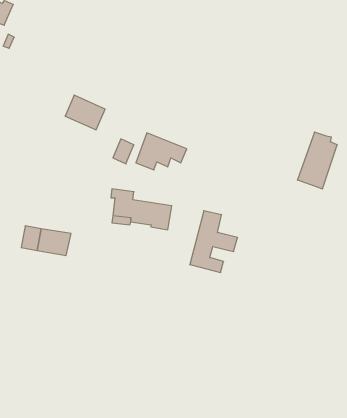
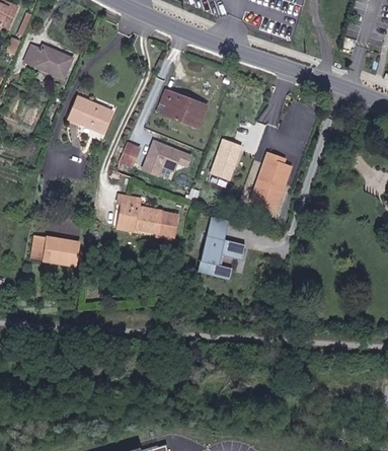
building: none -> [22,44,69,76]
building: none -> [157,92,204,129]
building: none -> [212,138,243,180]
building: [297,132,337,189] -> [252,152,293,210]

